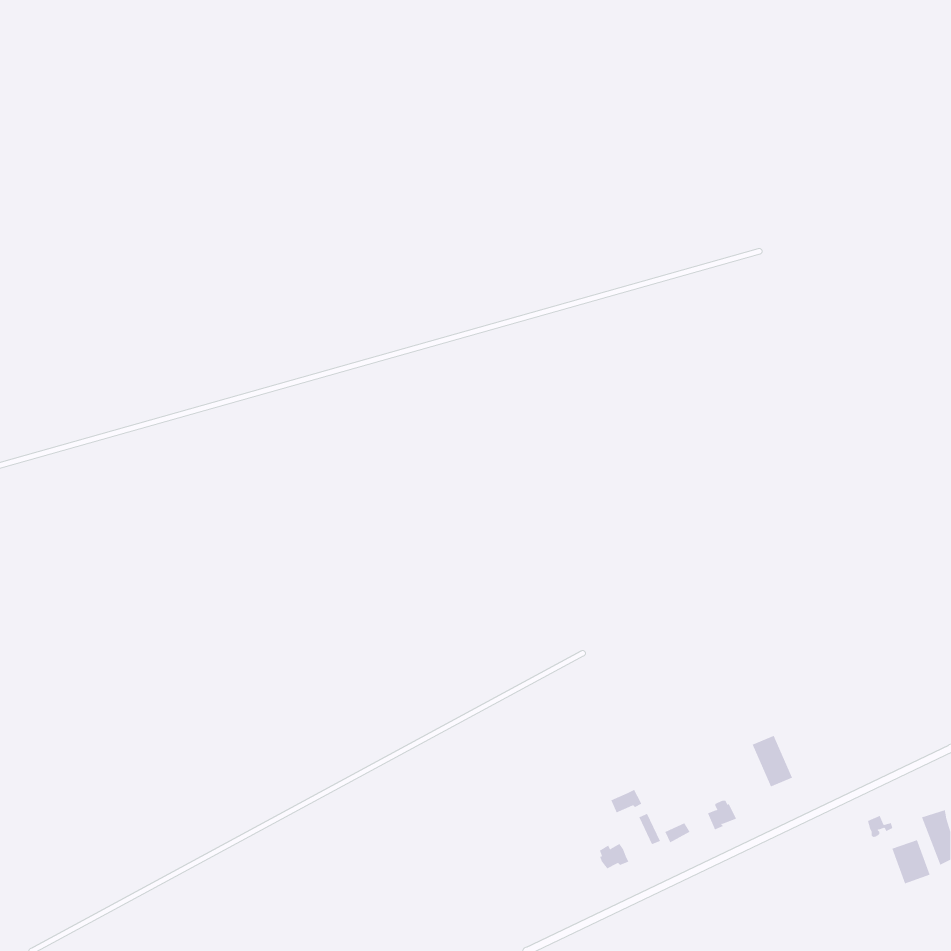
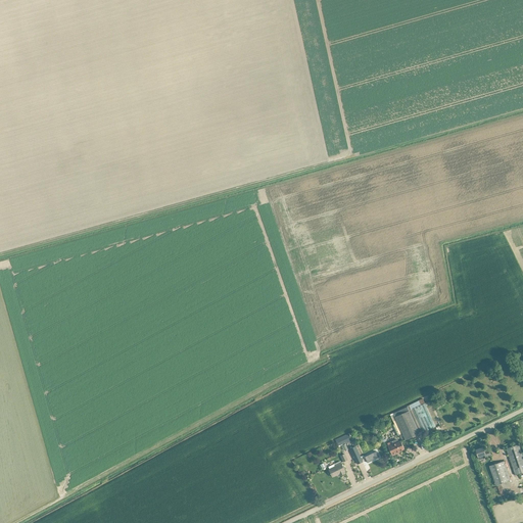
building: none -> [393,407,420,440]

